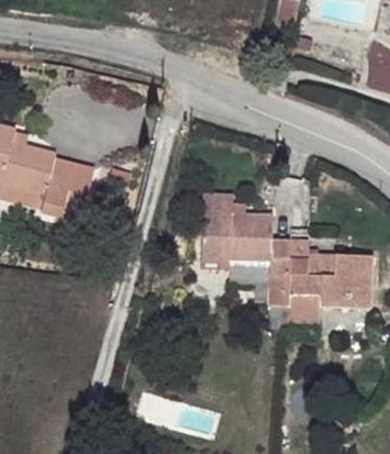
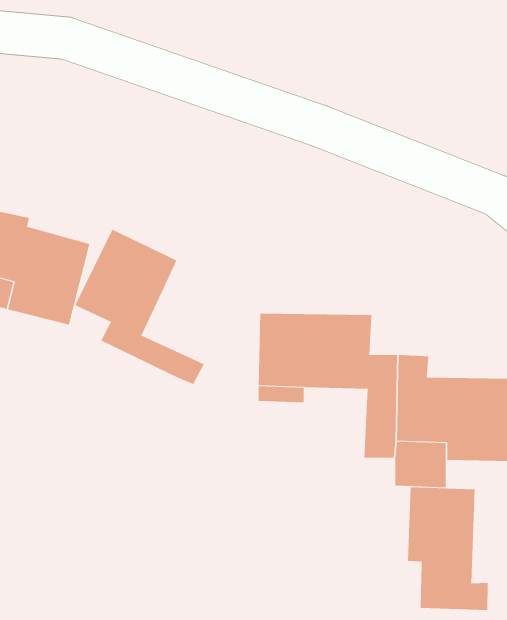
building: none -> [74,229,204,385]
building: none -> [408,486,488,611]

